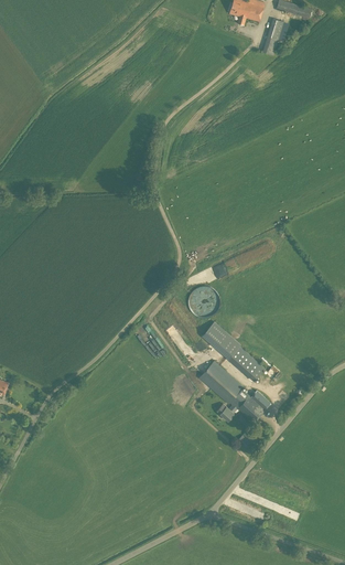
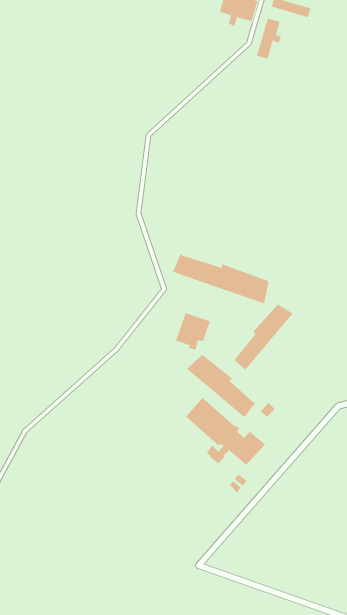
building: none -> [173,253,269,304]
building: none -> [233,303,293,370]

